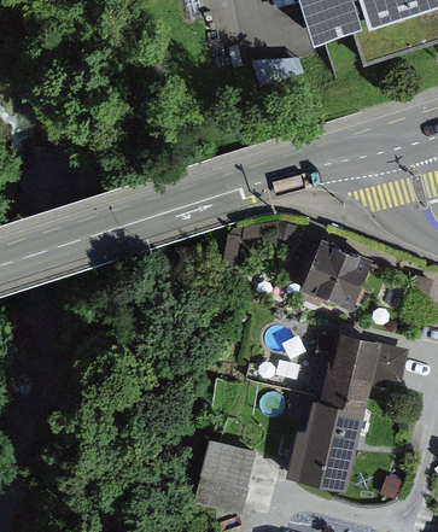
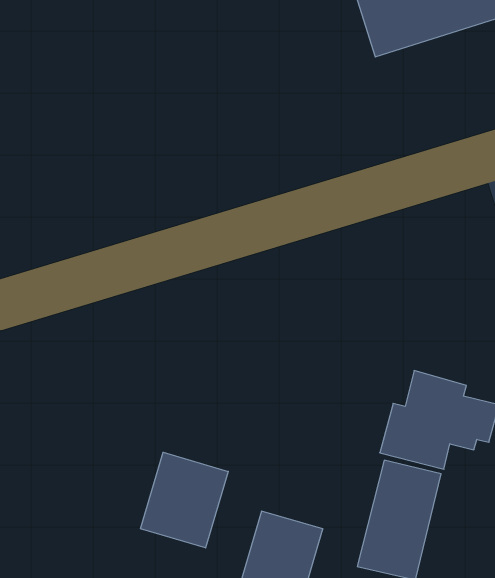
building: [302,226,374,299] -> none
building: none -> [141,452,228,548]

